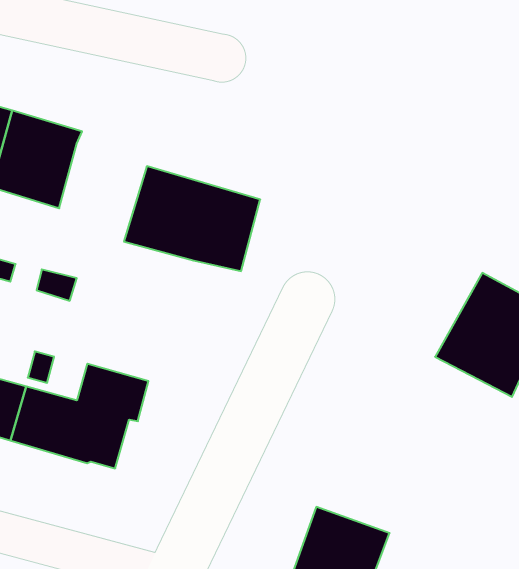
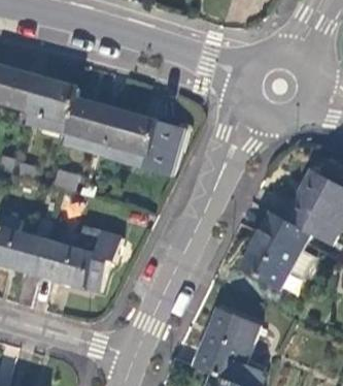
building: none -> [62,97,115,155]
building: none -> [242,216,311,291]

